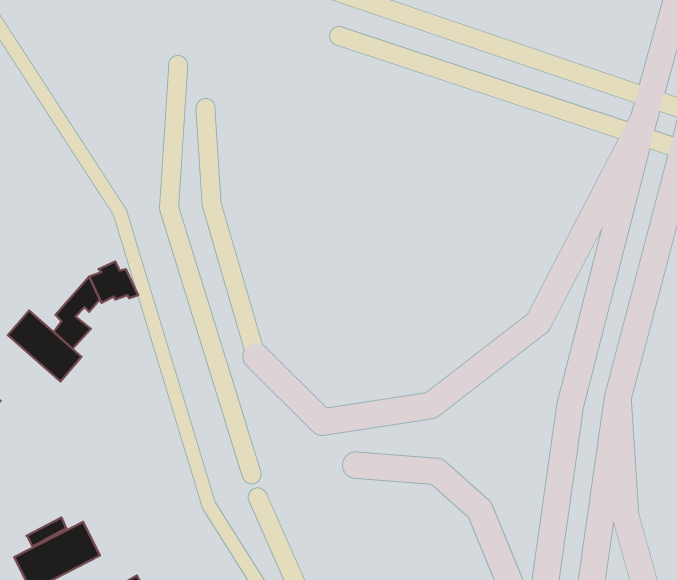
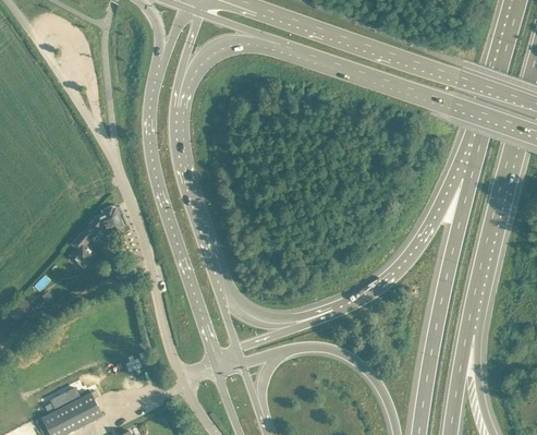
building: [8,311,82,381] -> none

